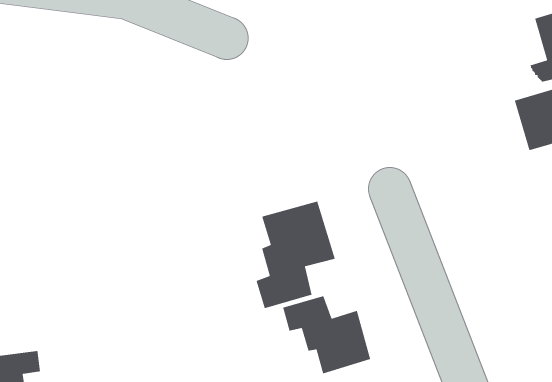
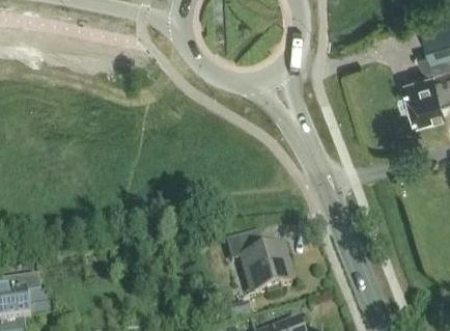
building: [255,201,336,309] -> none

